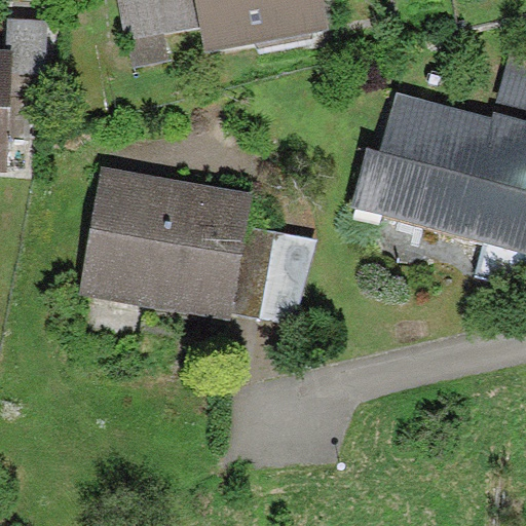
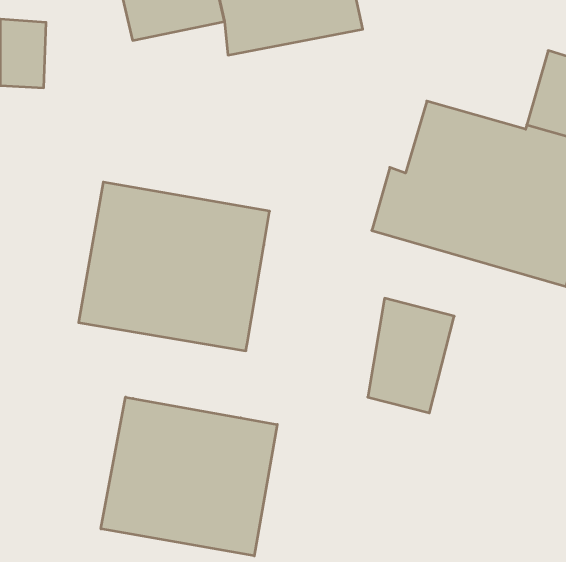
building: [233,224,312,329] -> [368,298,454,413]
building: none -> [101,397,277,556]

